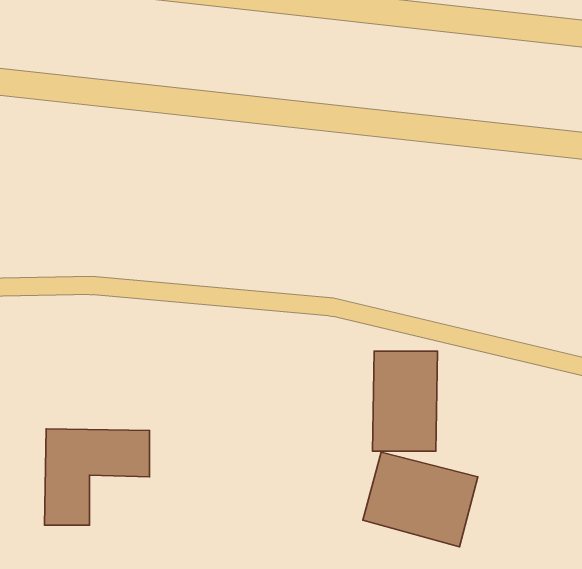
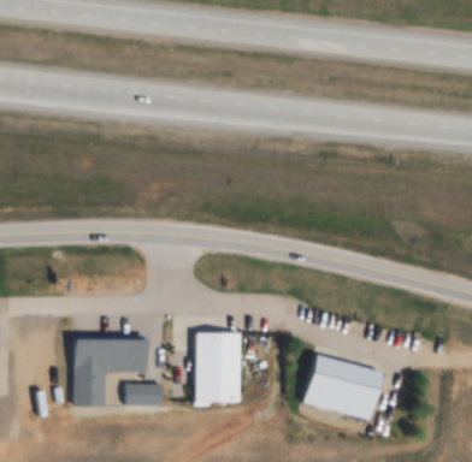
building: [372,351,437,451] -> [193,332,240,404]
building: none -> [123,384,159,404]

